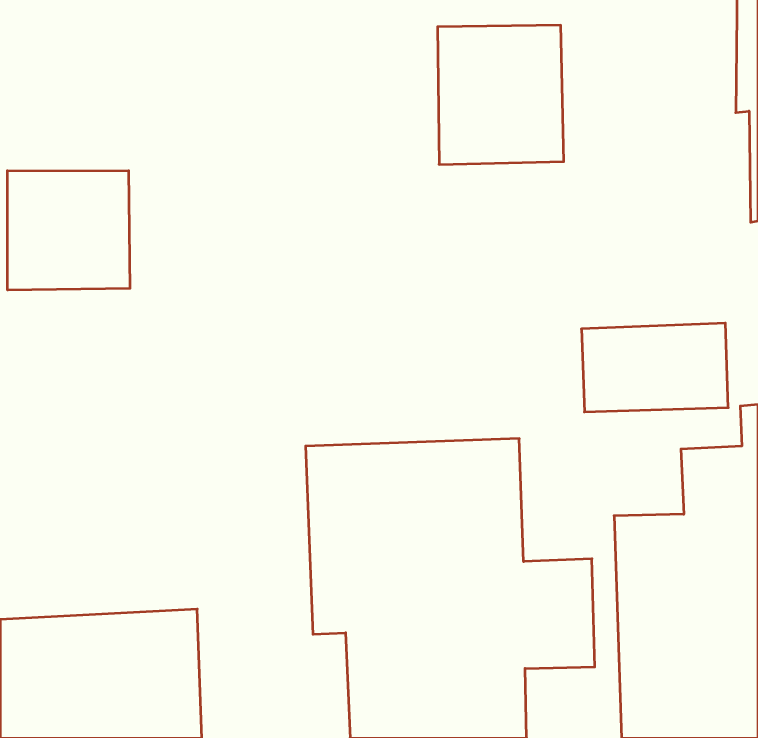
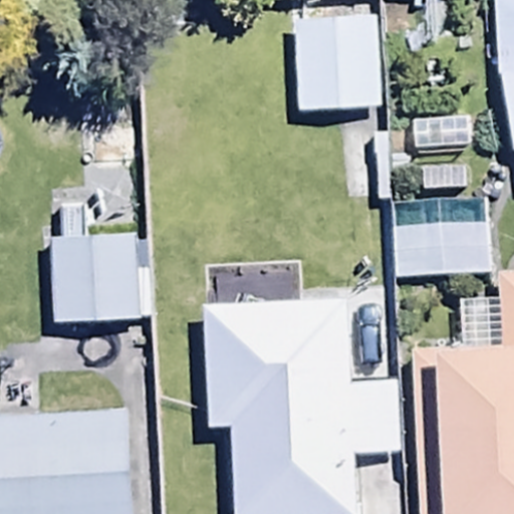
building: [7,171,130,290] -> none
building: none -> [54,201,136,323]

